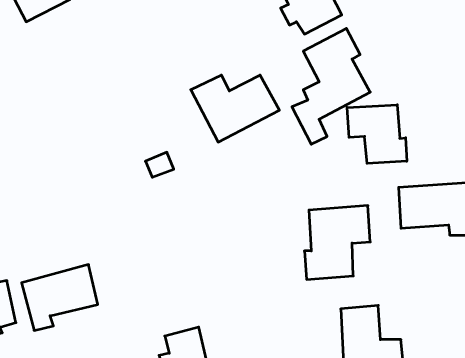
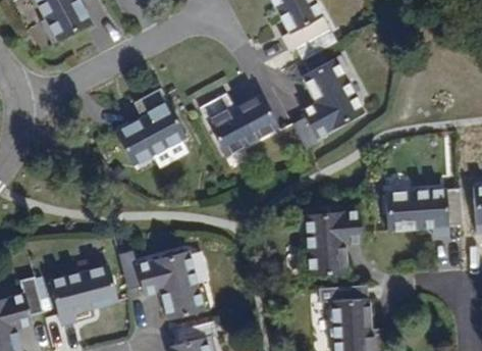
building: none -> [114,88,185,164]
building: [347,105,407,163] -> none
building: none -> [119,245,210,317]

